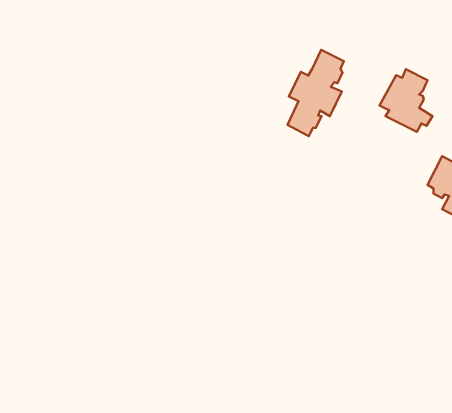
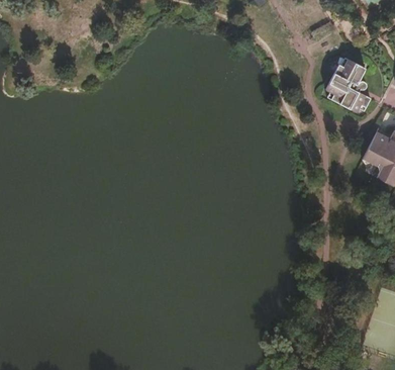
building: [287,50,344,136] -> none

